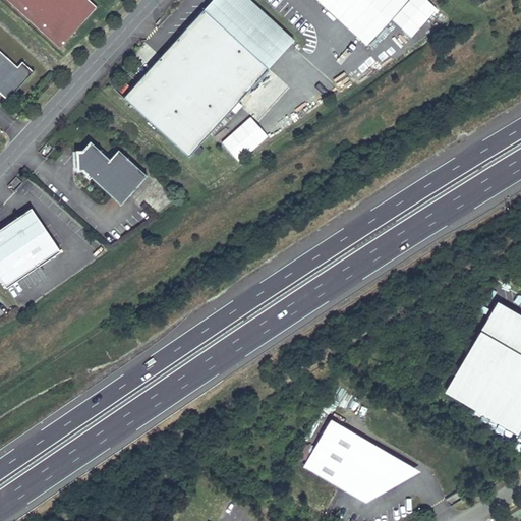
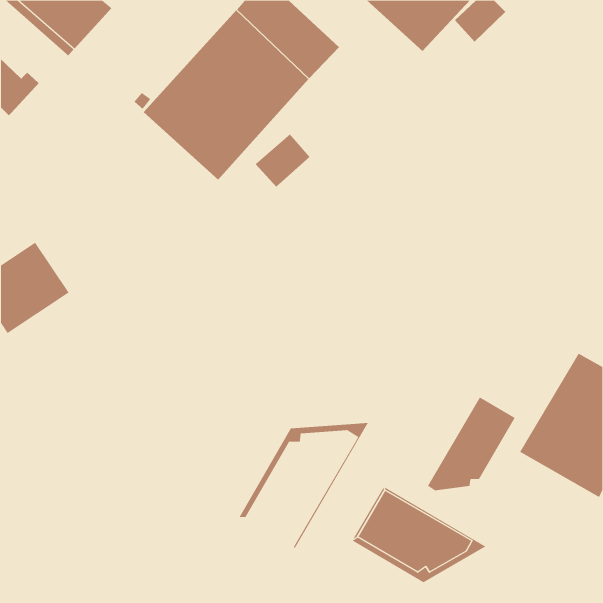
building: [77,142,148,206] -> none
building: none -> [427,396,515,491]
building: none -> [238,422,369,550]

